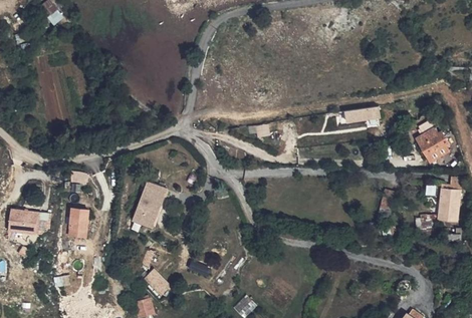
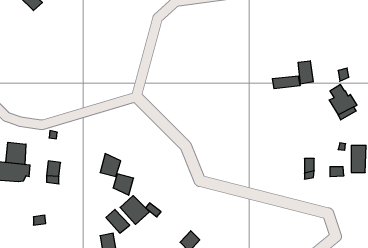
building: none -> [298,61,313,84]
building: [141,183,166,209] -> [113,174,134,195]
building: none -> [6,142,26,165]
building: none -> [120,196,149,224]

